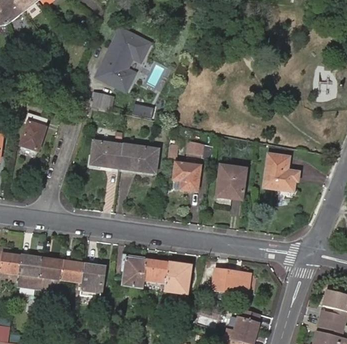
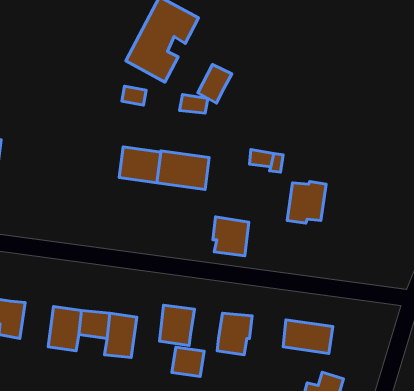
building: none -> [198,64,232,103]
building: [21,110,47,149] -> none
building: [263,153,299,190] -> none
building: [173,160,200,189] -> [213,217,249,256]
building: [17,255,42,288] -> none
building: [144,260,168,282] -> [172,347,204,377]

